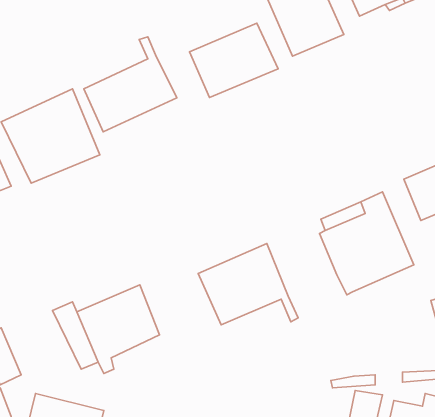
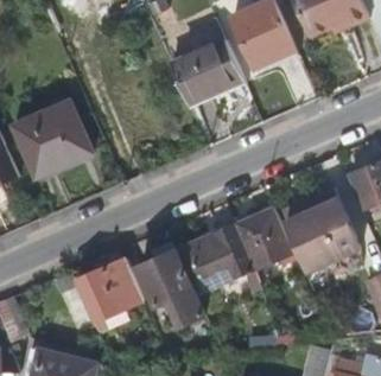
building: [84,37,177,132] -> none
building: none -> [234,208,292,268]
building: none -> [140,240,205,324]

